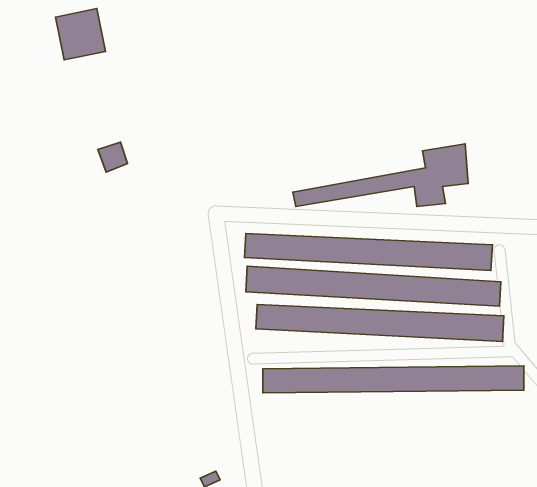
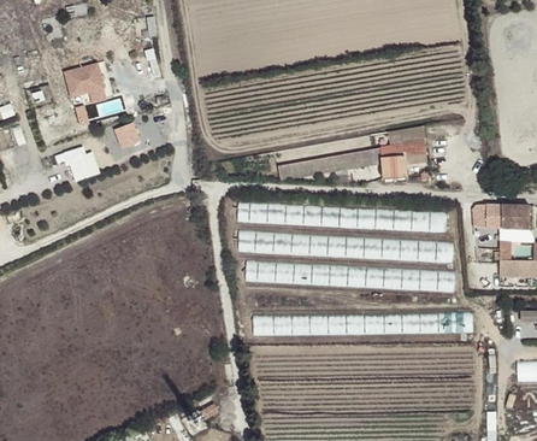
building: [56,9,105,60] -> [65,61,107,105]
building: none -> [67,146,101,180]

